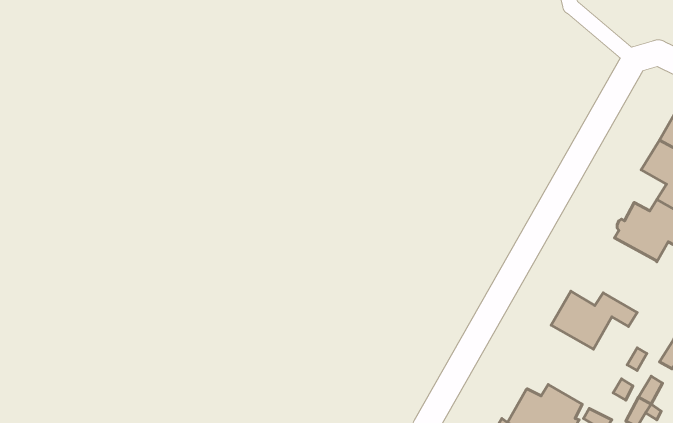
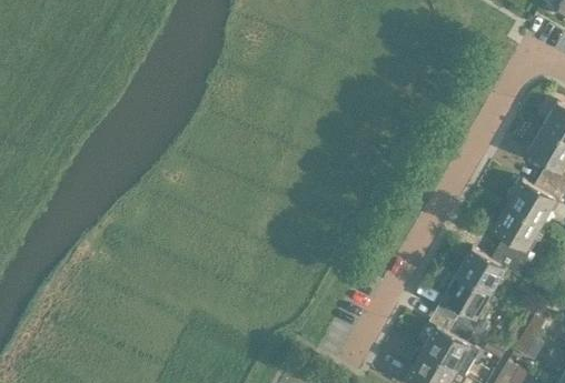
building: none -> [493,209,539,268]
building: none -> [443,278,496,340]

